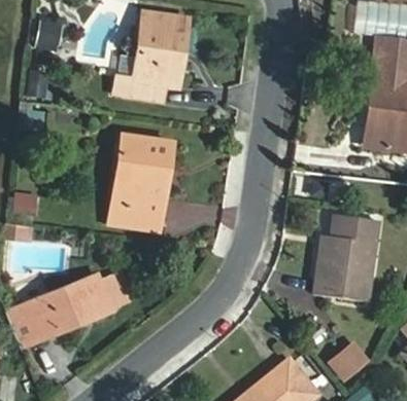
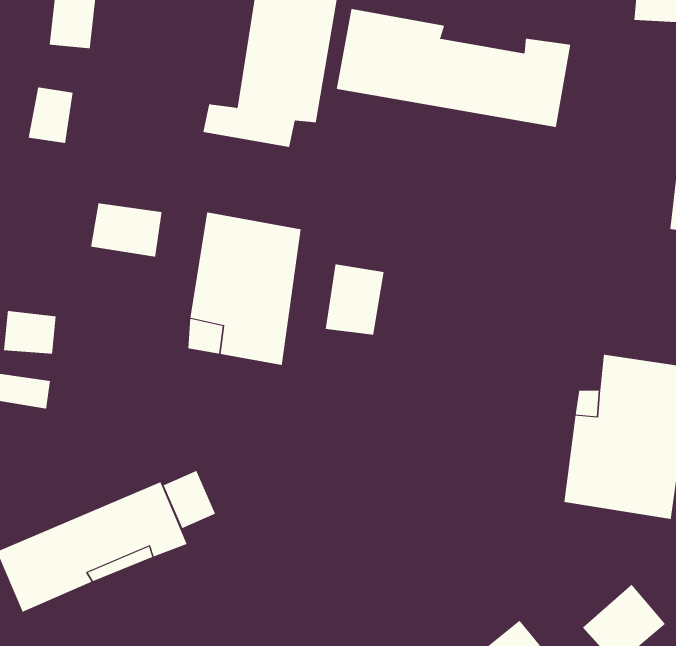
building: none -> [336,8,571,128]
building: none -> [91,202,162,258]
building: none -> [325,264,384,335]

